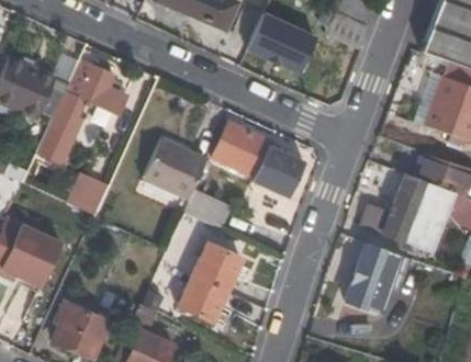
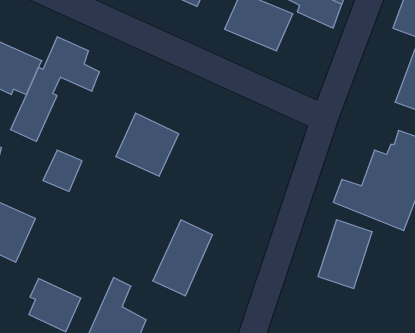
building: [212,121,302,196] -> none
building: [186,186,229,226] -> none

